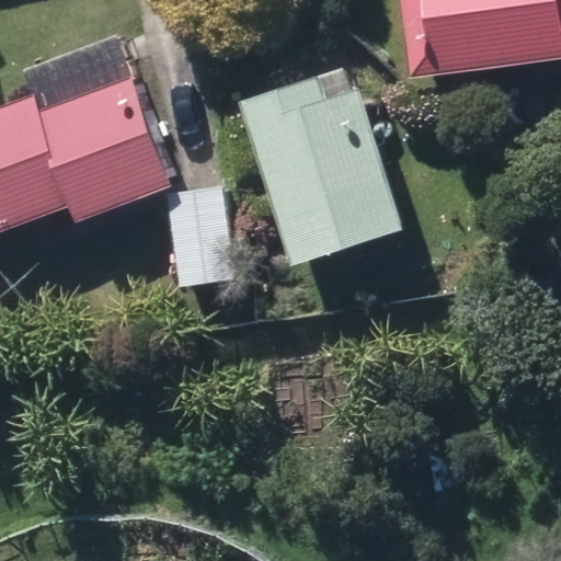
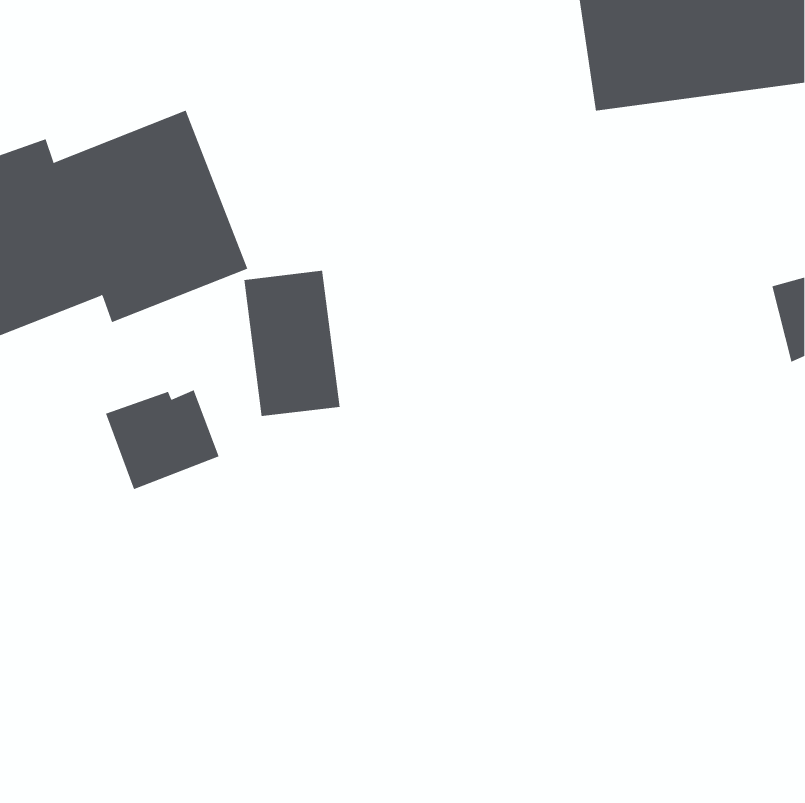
building: [241,80,401,263] -> none

